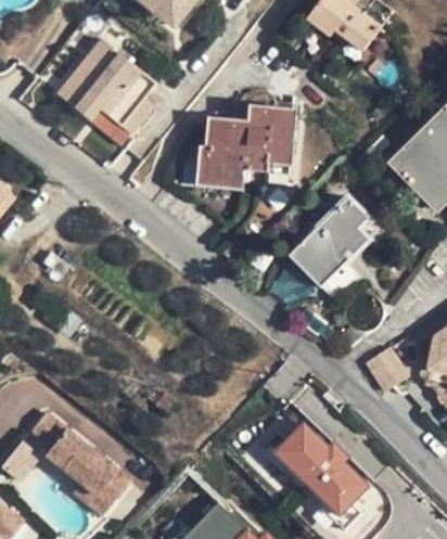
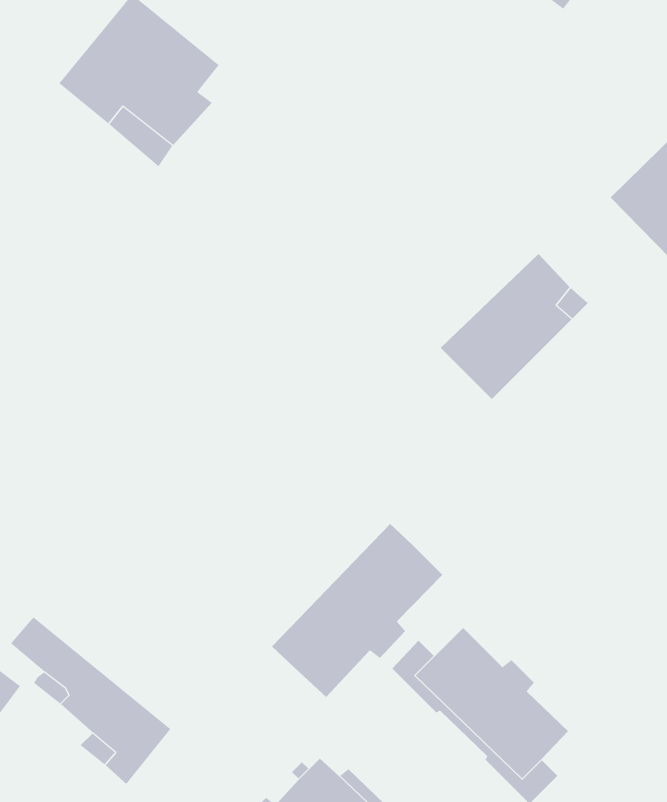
building: [204,106,294,180] -> none
building: [370,345,411,388] -> none
building: none -> [271,523,443,698]

